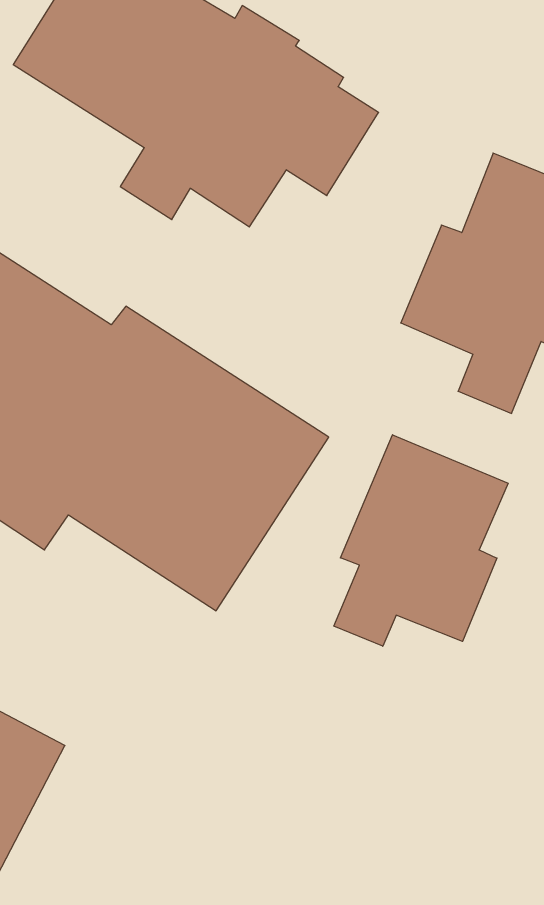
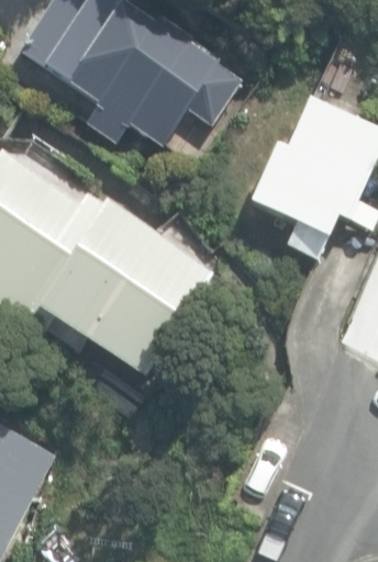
building: [334,435,508,646] -> none

